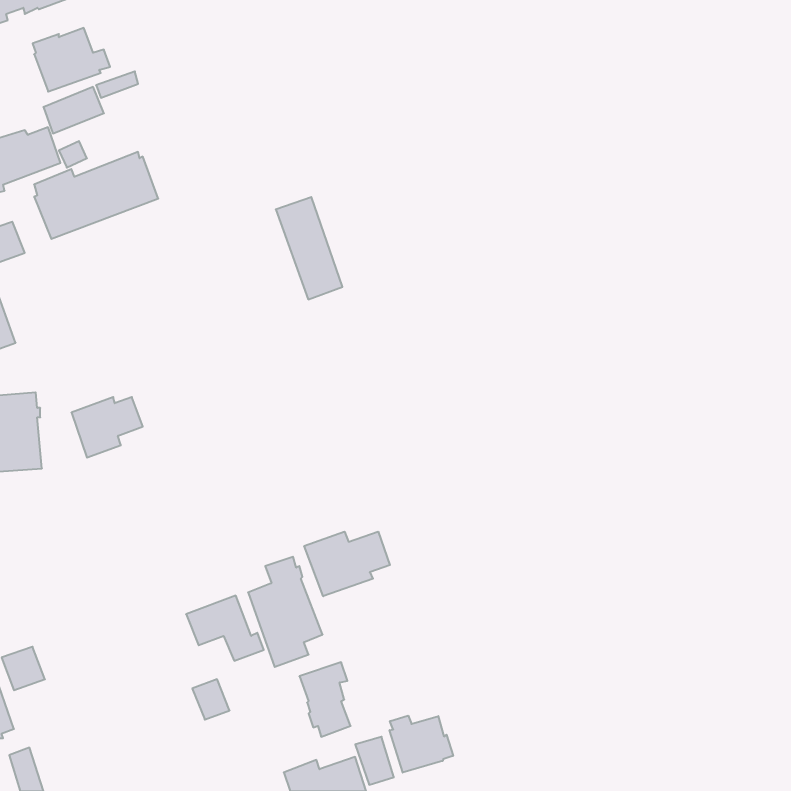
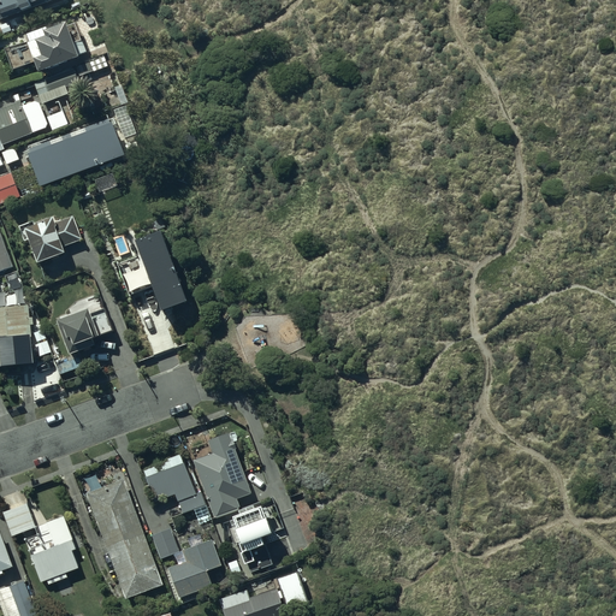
building: [276,197,342,299] -> [134,229,185,308]
building: none -> [17,214,82,262]
building: [304,532,390,596] -> none
building: none -> [84,479,161,598]
building: none -> [29,515,78,584]
building: none -> [166,539,220,597]
building: [390,716,453,773] -> none

